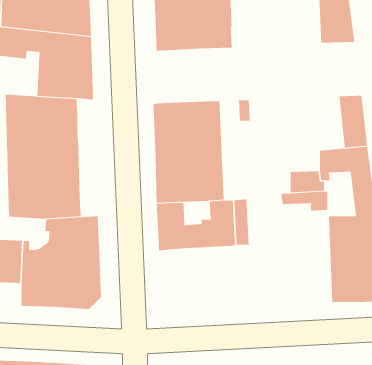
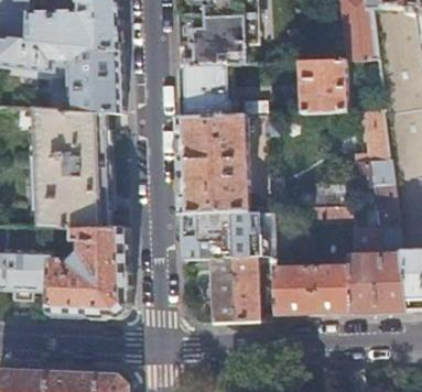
building: none -> [296,58,346,112]
building: none -> [181,64,235,117]
building: none -> [209,257,353,320]

